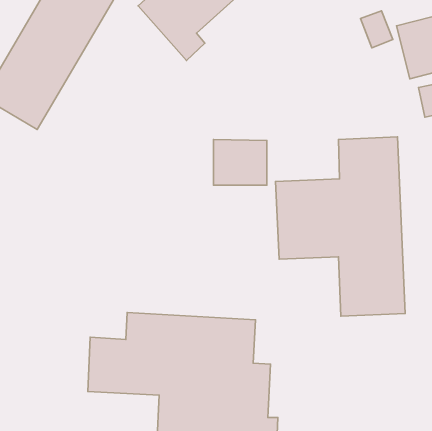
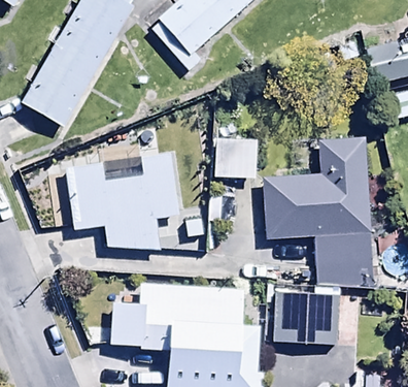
building: none -> [66,151,178,248]
building: none -> [271,287,339,343]

